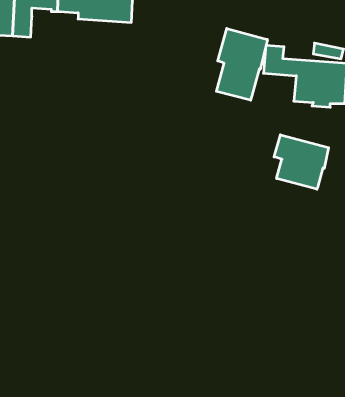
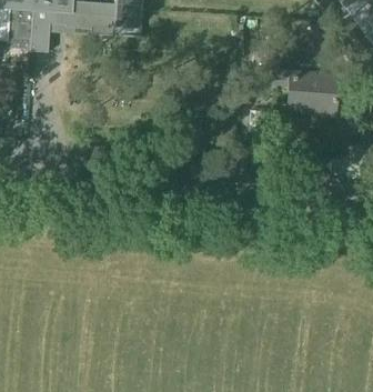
building: [216,28,267,100] -> none
building: [274,135,329,189] -> none

